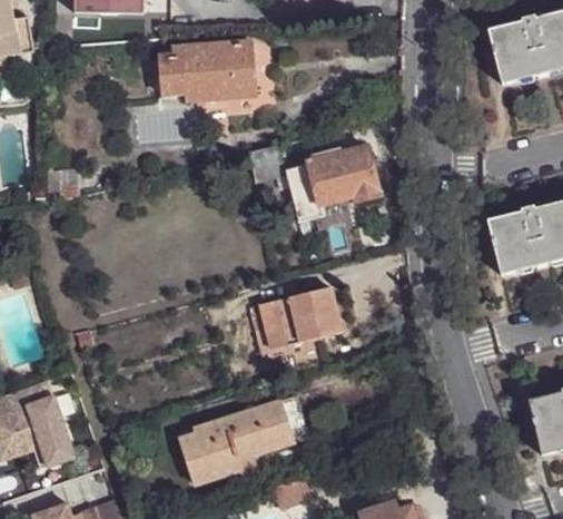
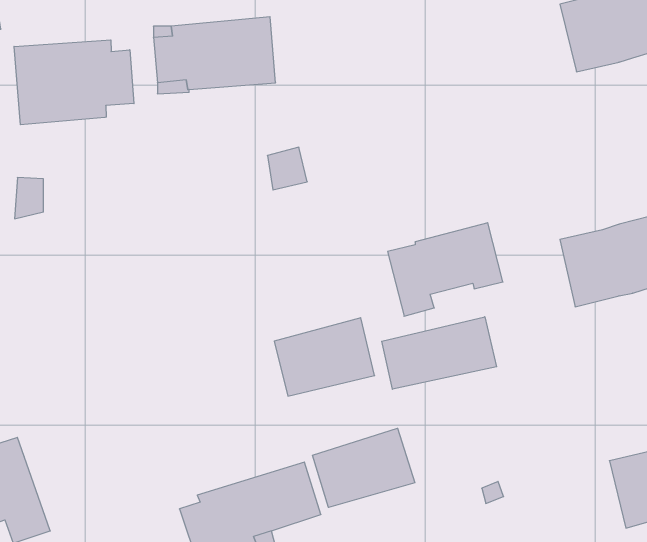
building: none -> [14,40,134,125]
building: [287,146,381,222] -> [388,223,503,316]
building: none -> [382,317,497,389]
building: none -> [313,428,415,507]

